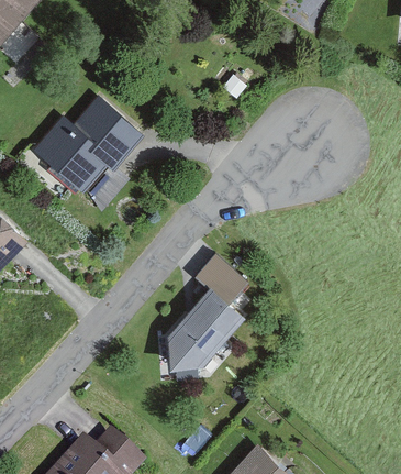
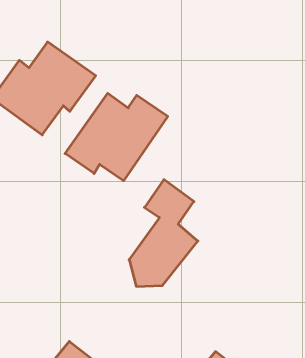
building: none -> [65,93,168,181]

